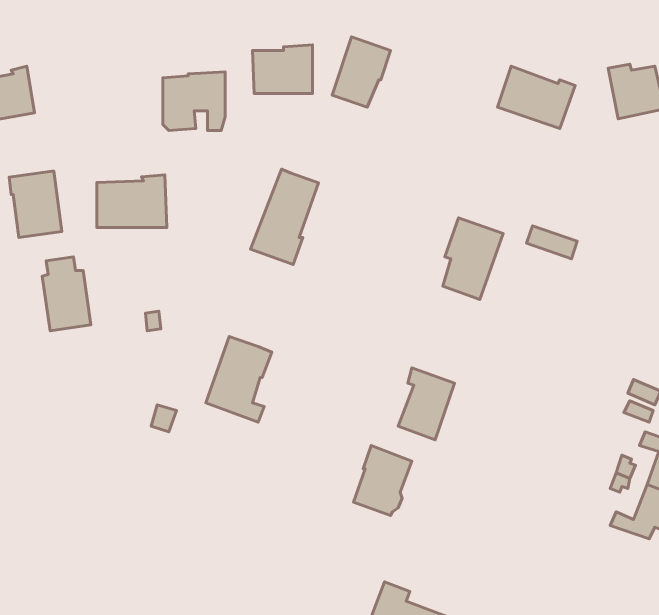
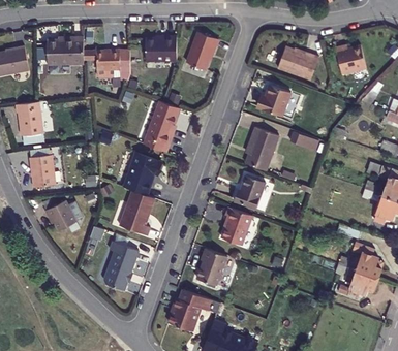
building: none -> [257,88,288,118]
building: [97,175,167,227] -> [47,37,84,65]
building: none -> [124,154,162,196]
building: none -> [234,173,265,208]
building: none -> [48,201,80,232]
building: none -> [105,242,140,291]
building: none -> [170,290,213,332]

